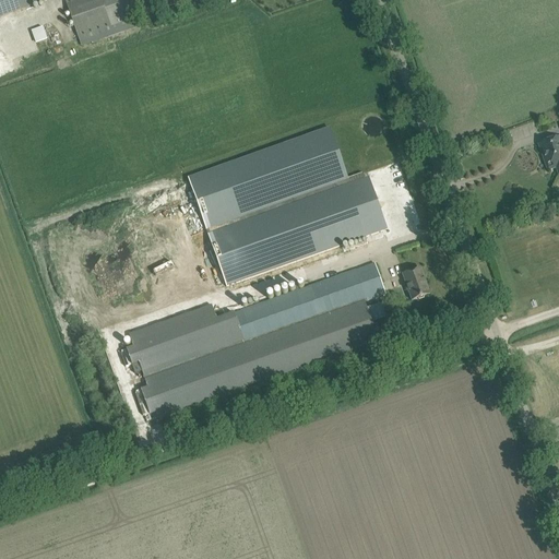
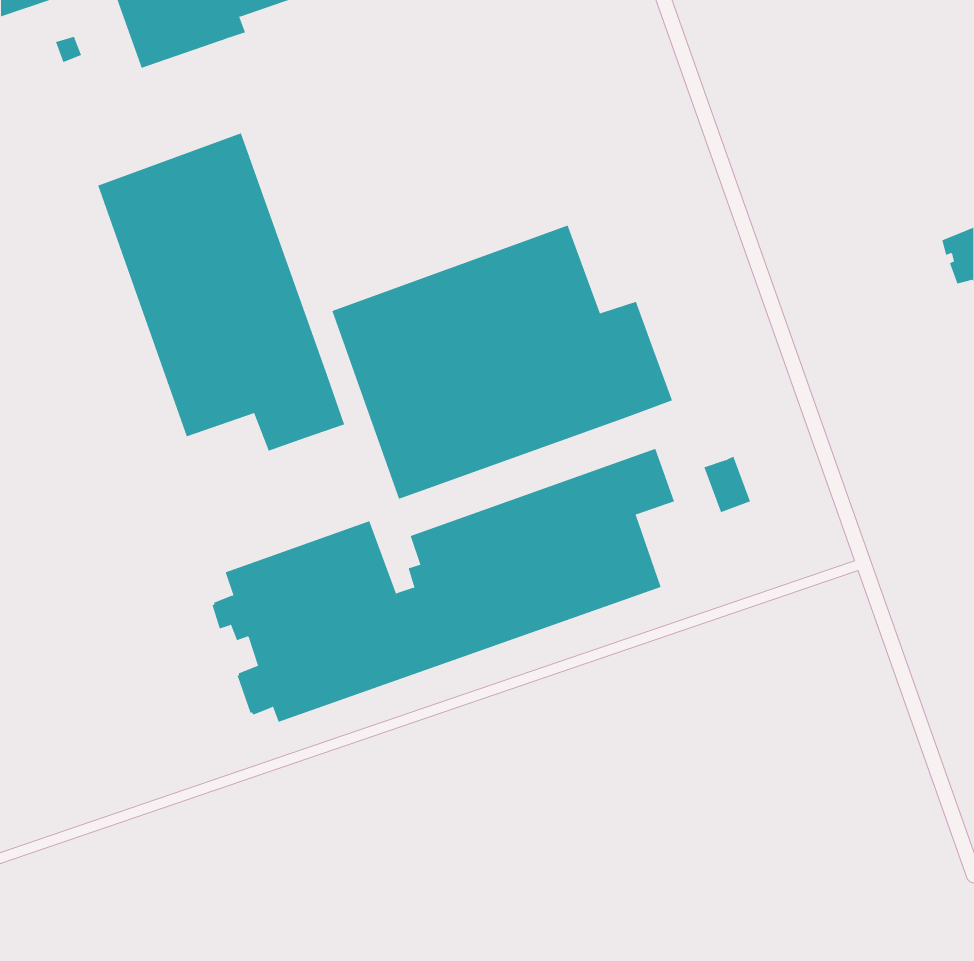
building: none -> [97,132,345,452]

